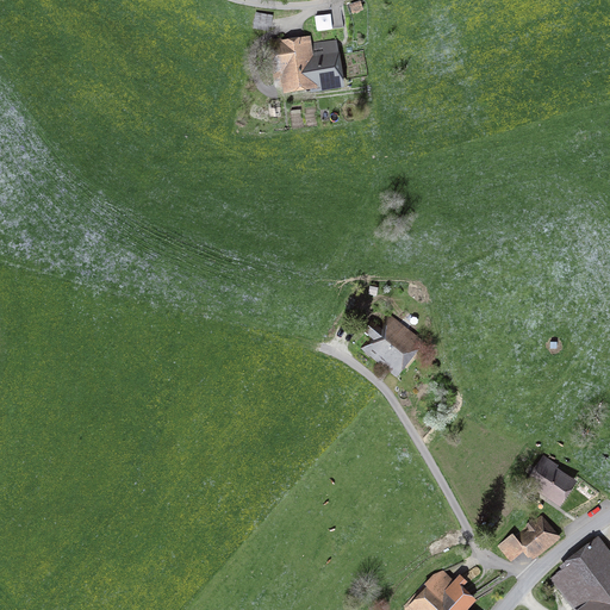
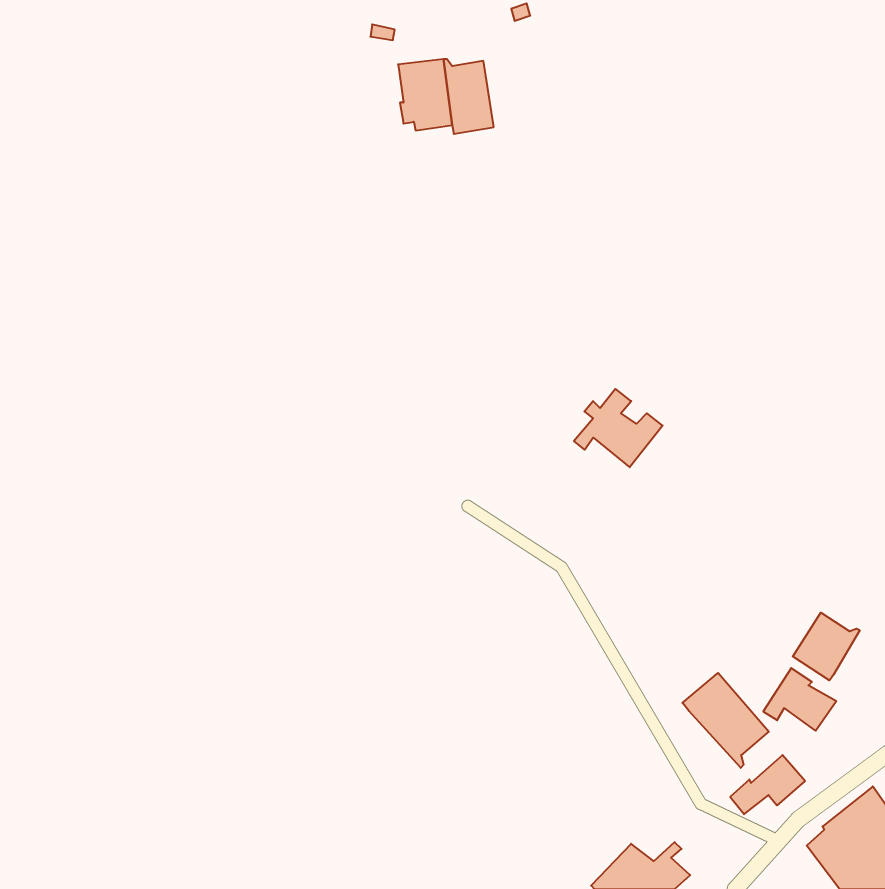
building: [361,313,422,367] -> [574,389,663,467]
building: none -> [793,613,860,680]
building: none -> [682,673,769,768]

